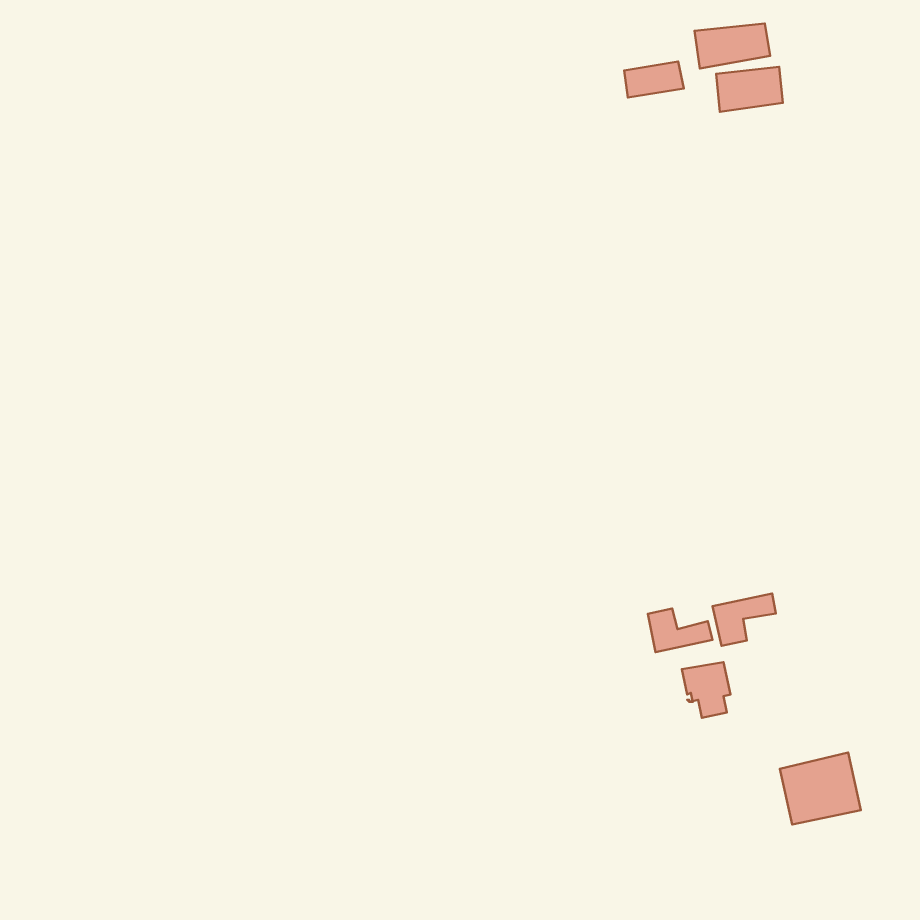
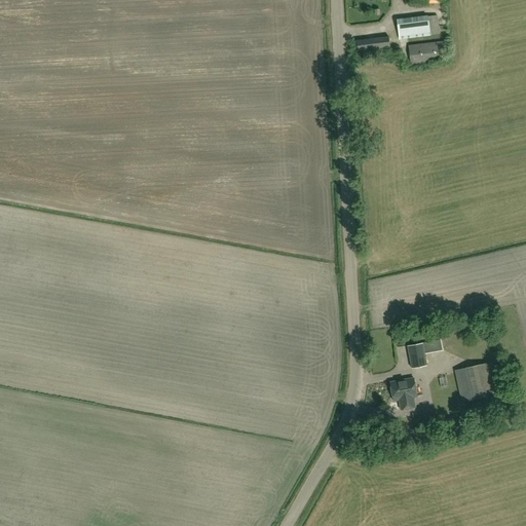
building: [648,609,712,652] -> none
building: [780,752,861,825] -> [453,360,499,401]

